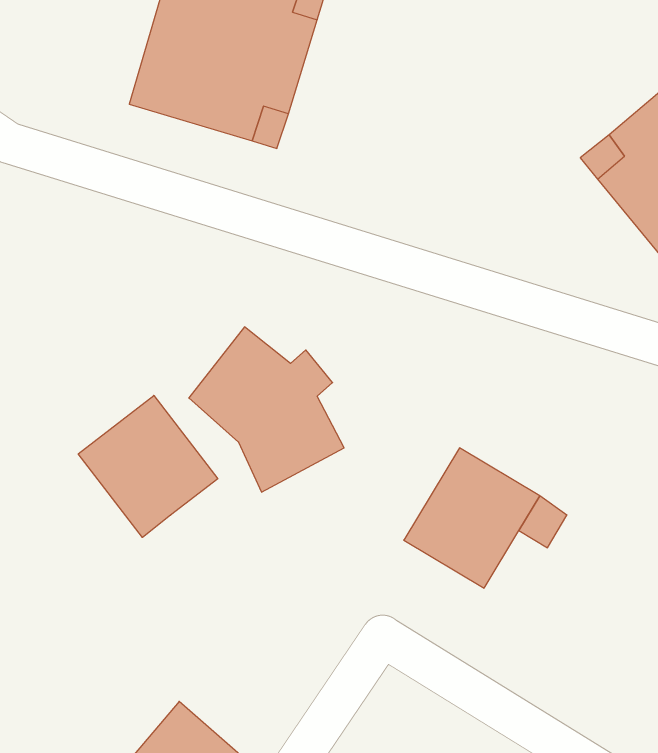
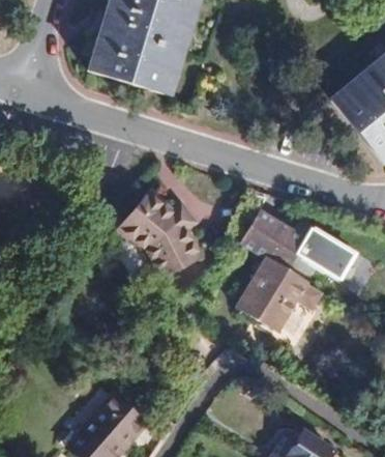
building: none -> [242,209,356,280]
building: [78,395,218,537] -> none

